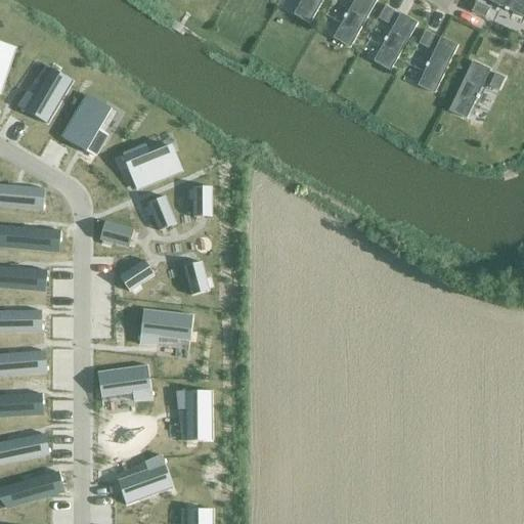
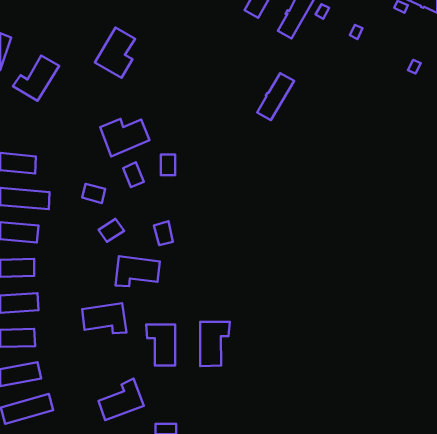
building: [373,12,417,69] -> [257,73,294,120]
building: [417,36,456,92] -> none
building: [448,59,489,118] -> none
building: [60,93,108,154] -> [95,28,135,78]
building: none -> [200,322,230,366]

